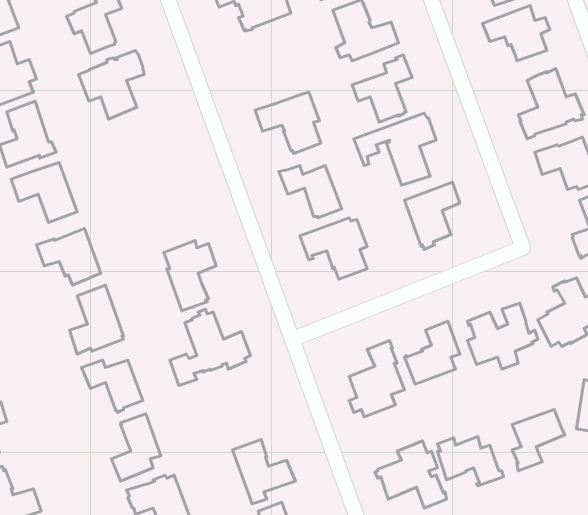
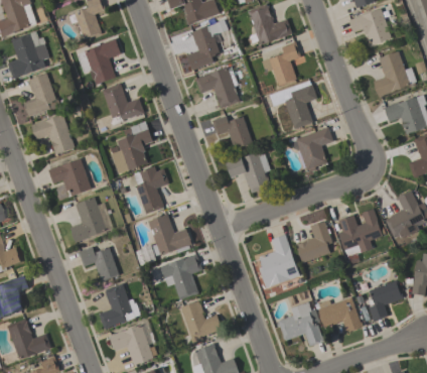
building: none -> [186,25,228,71]
building: none -> [102,83,145,125]
building: none -> [111,121,153,174]
building: none -> [163,254,202,300]

